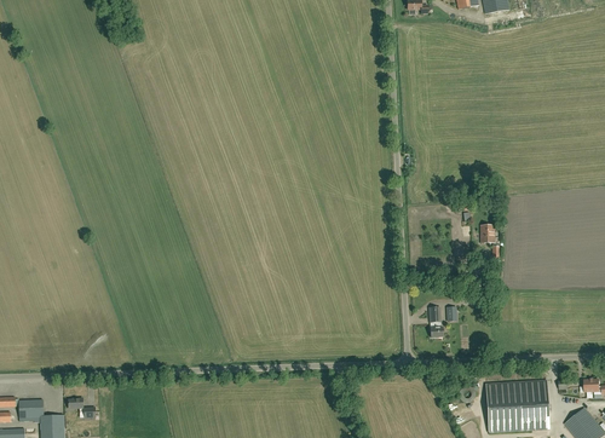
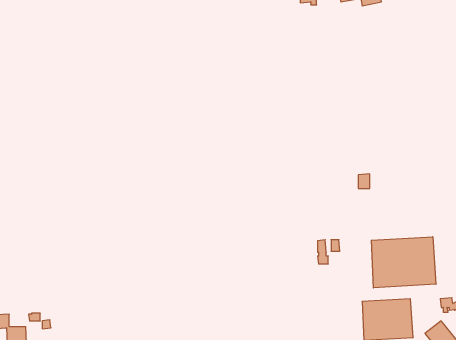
building: none -> [371,237,436,288]

